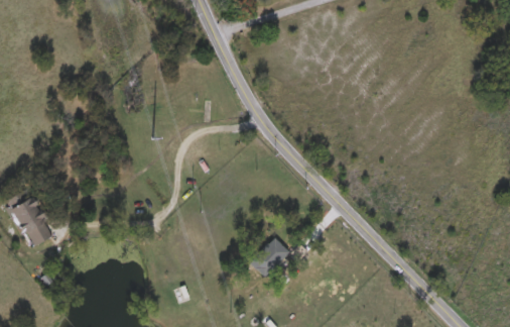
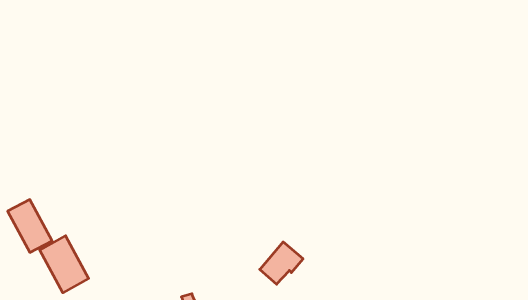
building: none -> [40,236,89,293]

